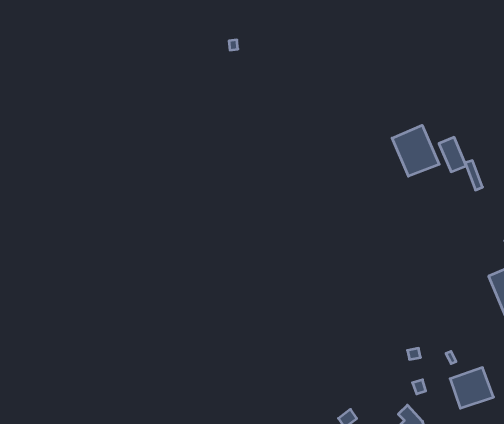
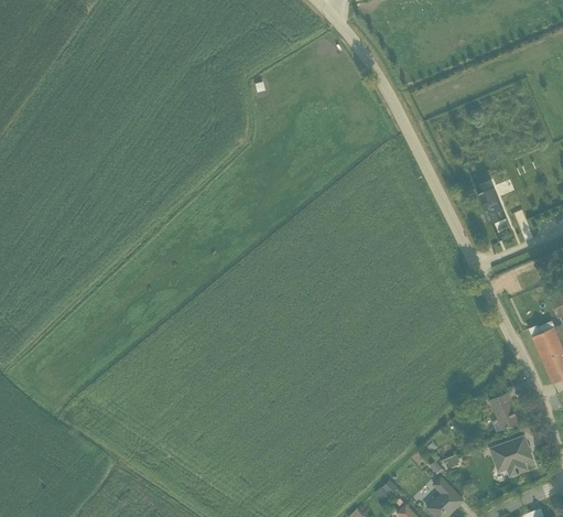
building: [392,125,439,176] -> none
building: none -> [489,392,518,430]

